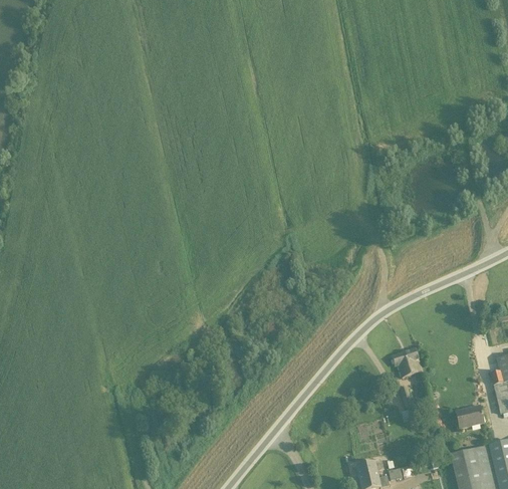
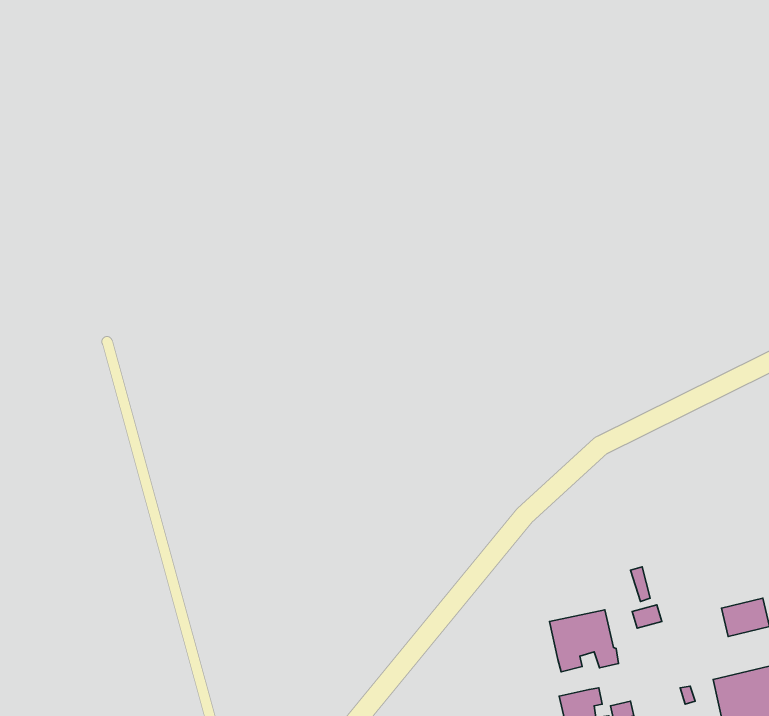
building: [393,347,421,377] -> none
building: none -> [549,610,619,672]

